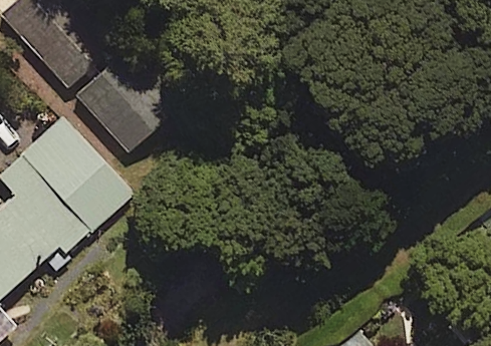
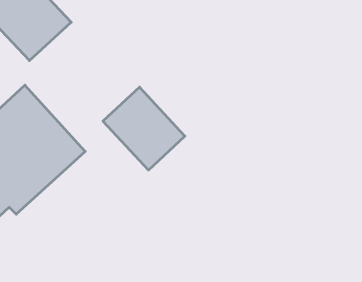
building: [78,55,173,150] -> [103,87,185,170]

